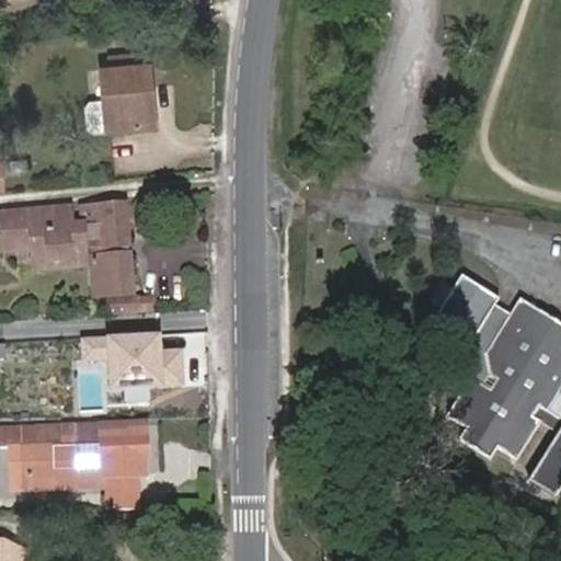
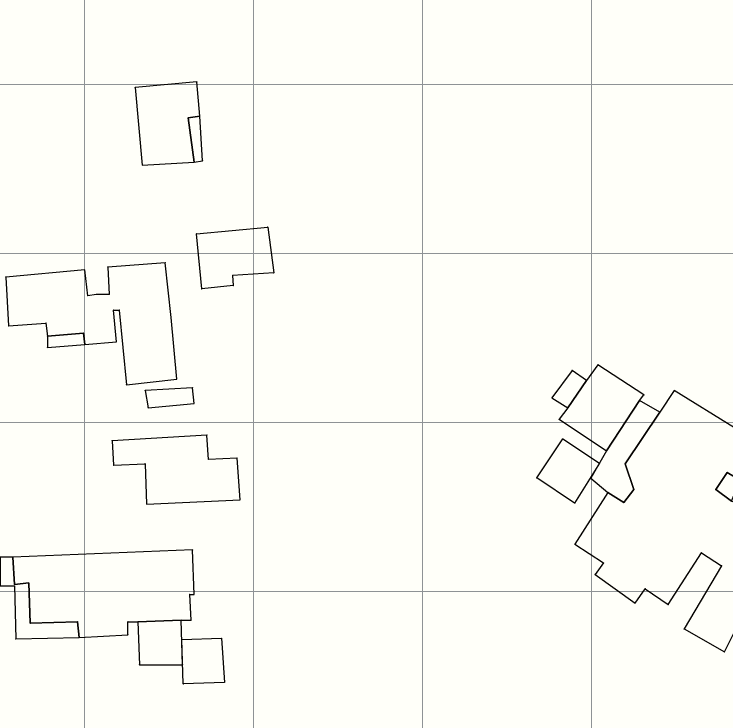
building: none -> [197,227,274,289]
building: none -> [537,439,599,503]
building: none -> [182,638,224,684]

